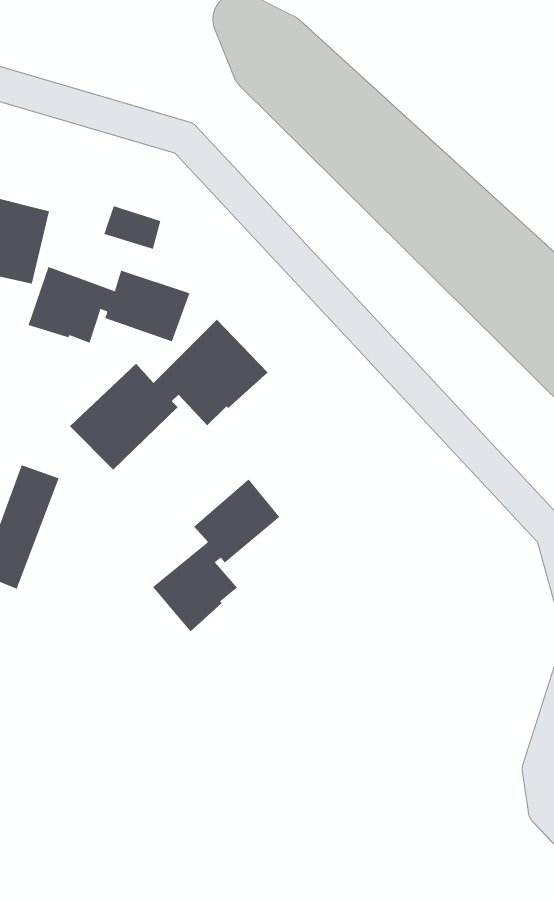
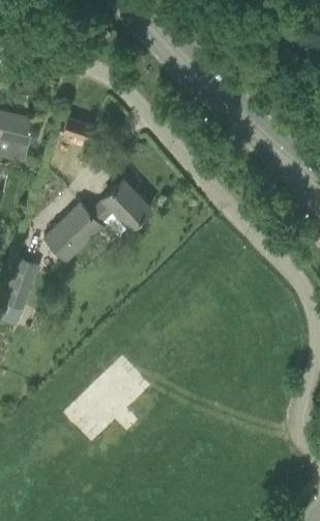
building: [28,266,190,343] -> none
building: [152,478,280,632] -> none

